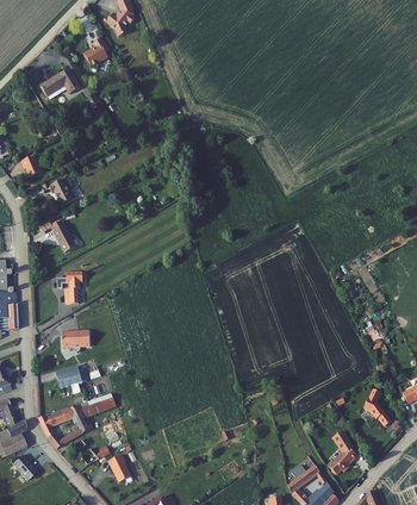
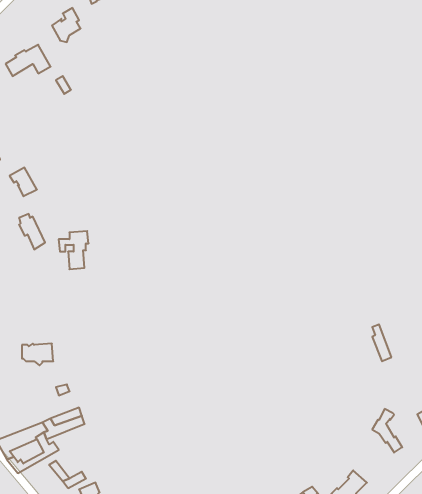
building: [57,269,83,303] -> [59,231,89,269]
building: [51,363,83,391] -> none

